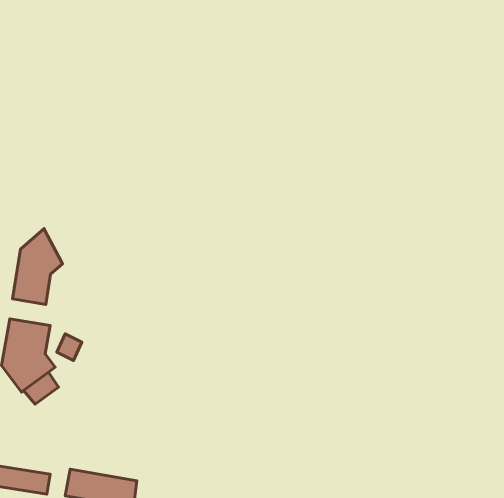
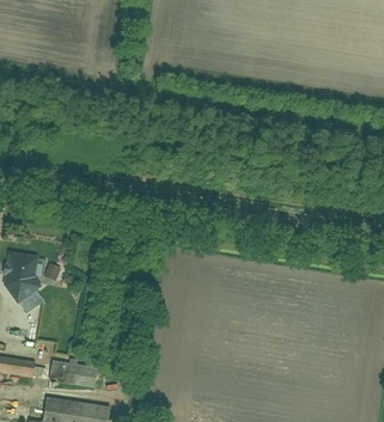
building: [13,228,62,304] -> none

